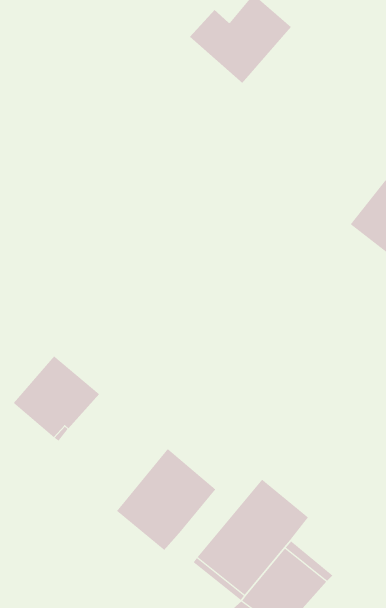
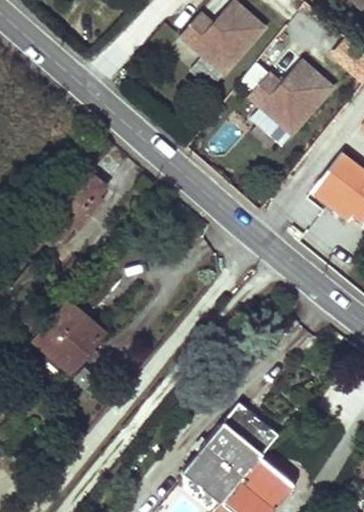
building: none -> [248,61,333,136]
building: none -> [38,173,105,247]
building: [116,448,216,551] -> none

